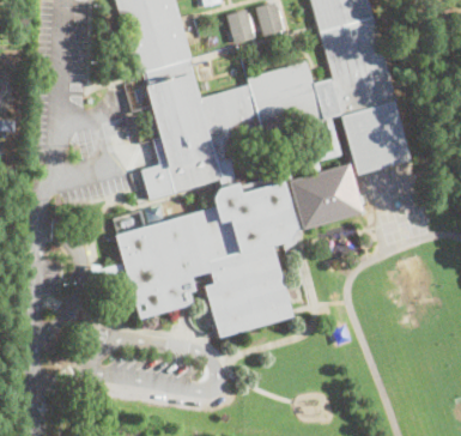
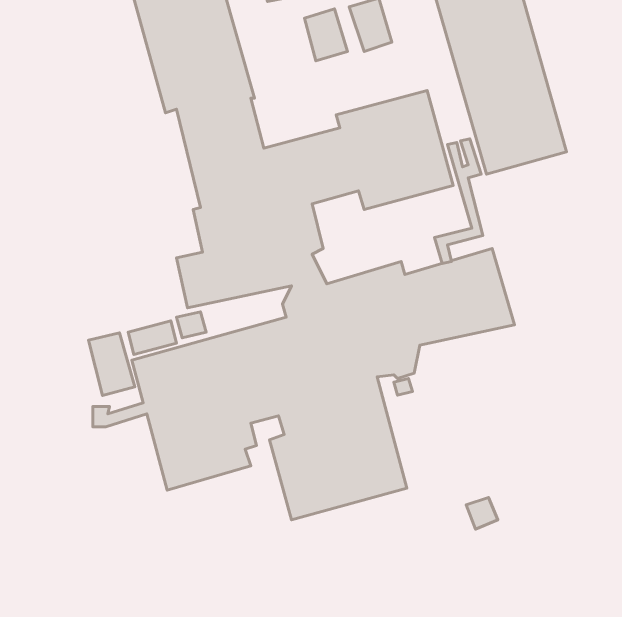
building: [345,104,406,169] -> none
building: none -> [89,333,135,395]

